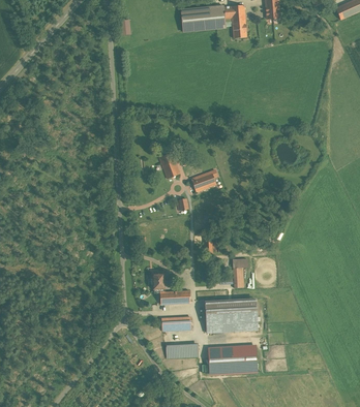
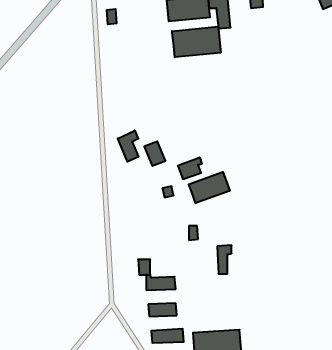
building: none -> [172,27,221,57]
building: none -> [118,130,138,162]
building: none -> [189,172,230,203]
building: [207,300,261,334] -> none

